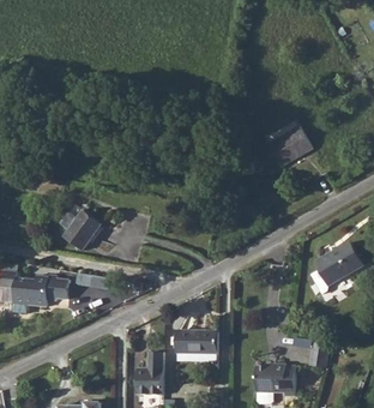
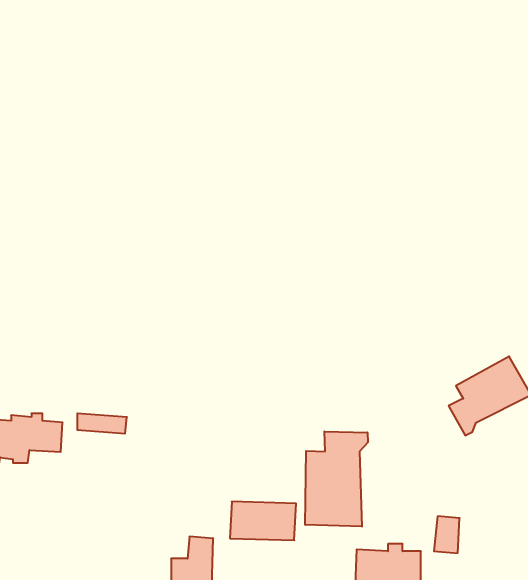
building: [261,124,306,164] -> none
building: [56,211,95,252] -> none
building: none -> [305,431,368,527]

